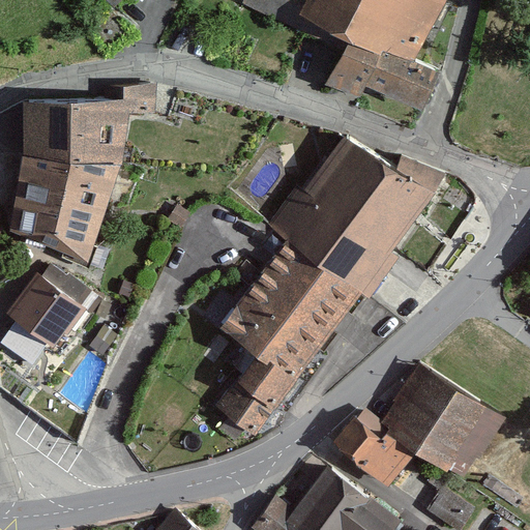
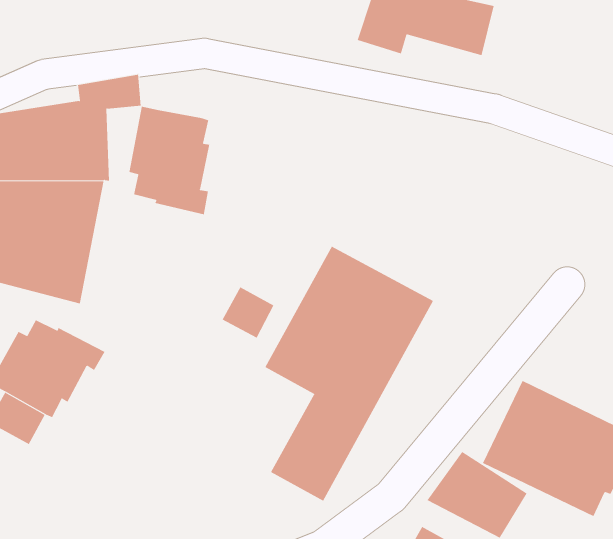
building: none -> [129,106,210,215]
building: [267,136,441,298] -> none
building: none -> [222,286,274,338]

